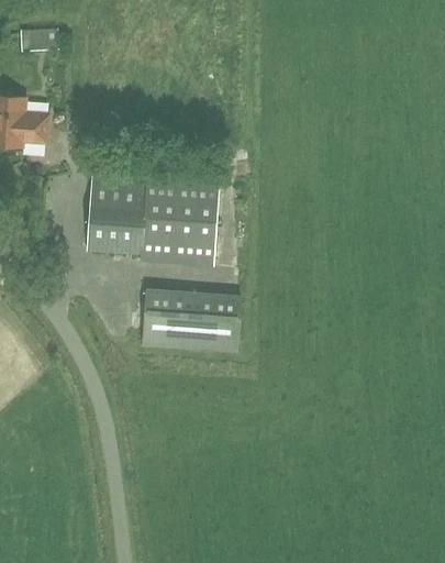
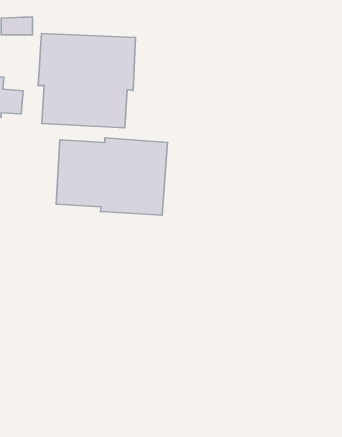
building: none -> [38,34,136,128]
building: [143,290,241,349] -> none

